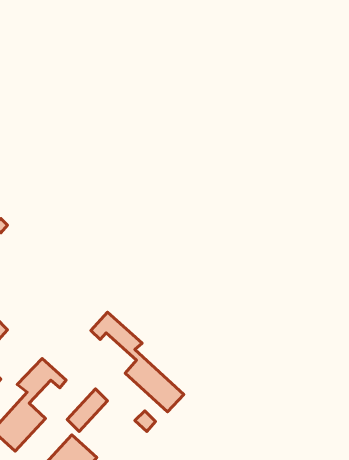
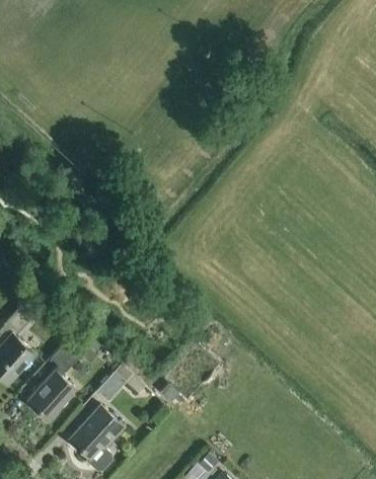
building: [91,312,184,412] -> none

